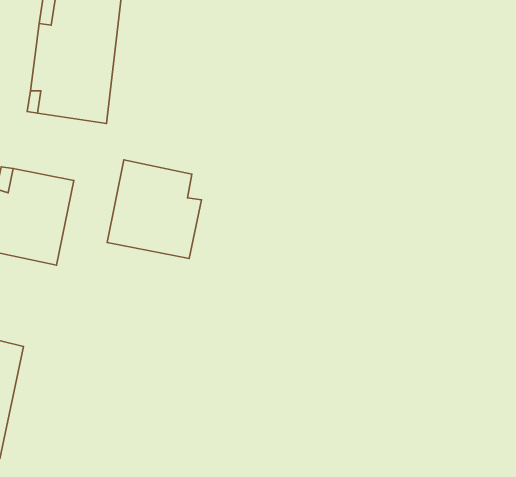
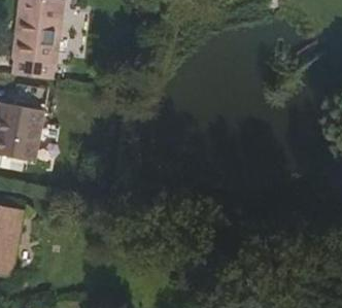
building: [107,160,201,259] -> none

